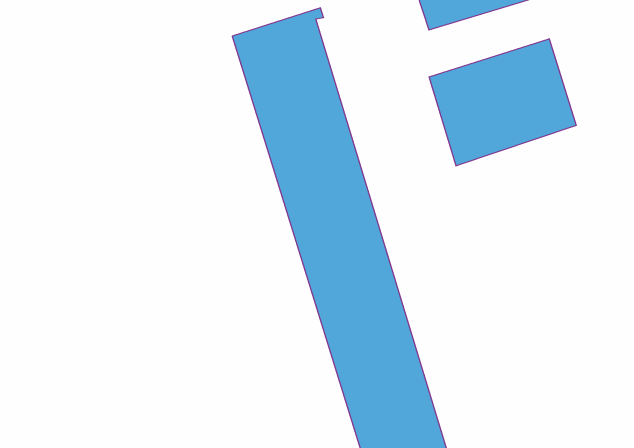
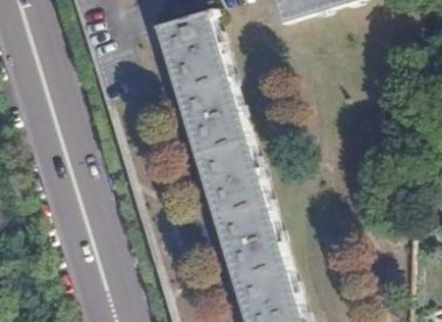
building: [429,39,576,166] -> none

